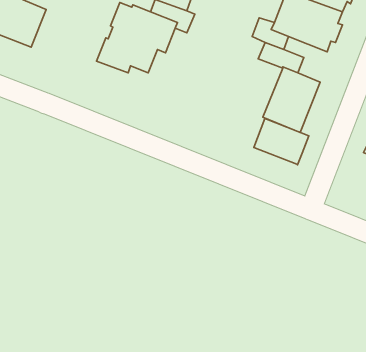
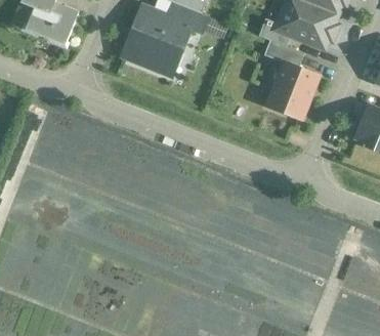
building: [254,119,309,165] -> none

